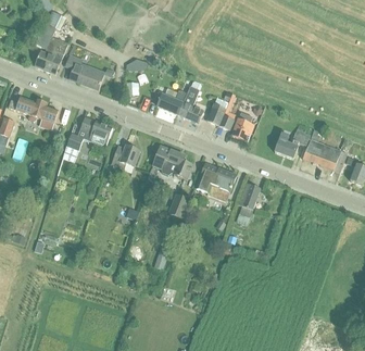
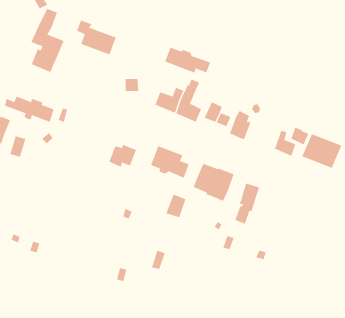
building: none -> [164,47,211,73]
building: [64,54,104,89] -> [76,20,117,55]
building: [66,116,112,149] -> none

